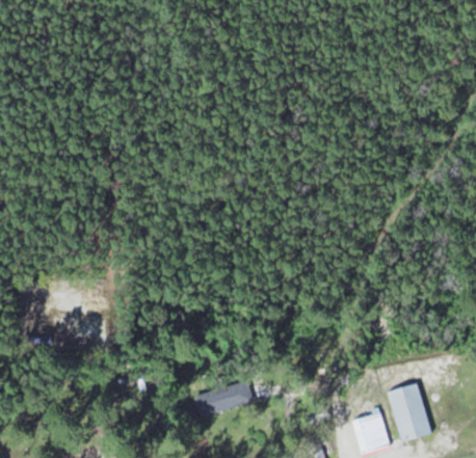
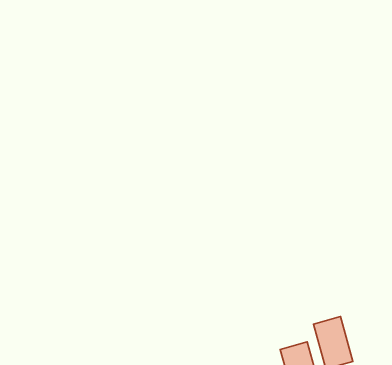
building: [194,378,253,414] -> none

